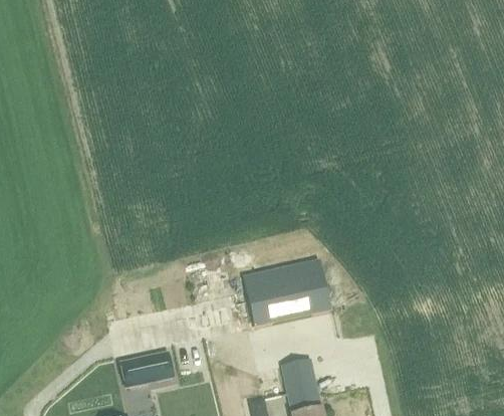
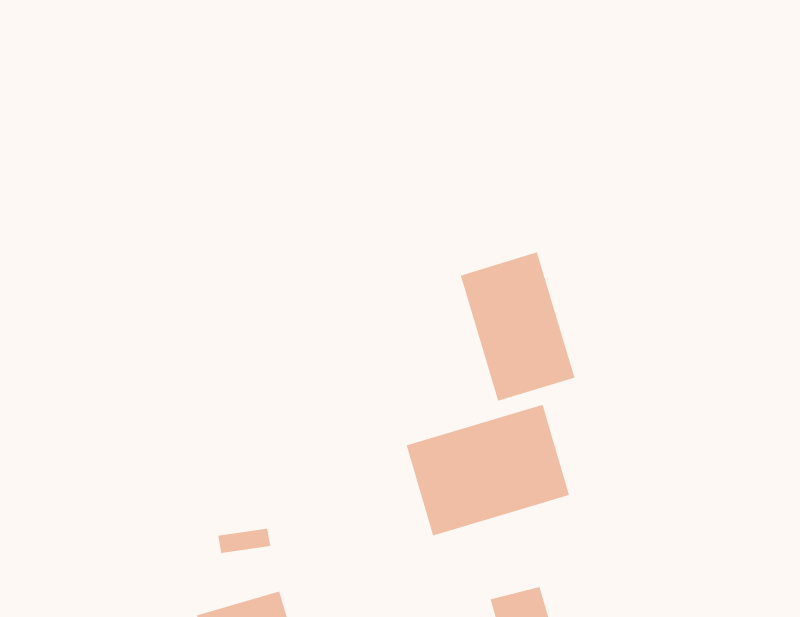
building: none -> [460,252,575,401]

